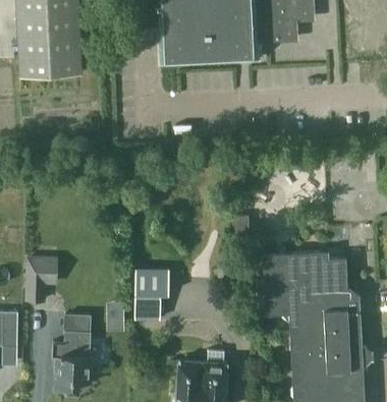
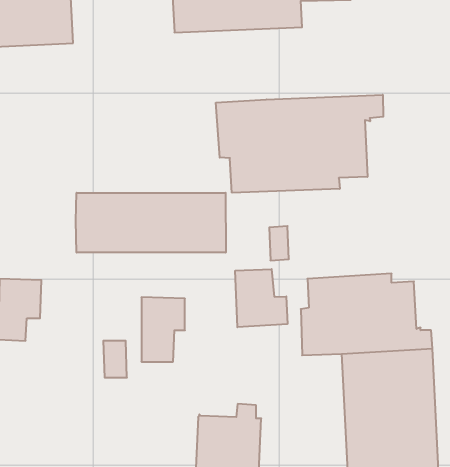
building: none -> [216,95,383,193]
building: none -> [76,193,226,253]
building: none -> [235,269,287,327]
building: [51,315,90,391] -> none

